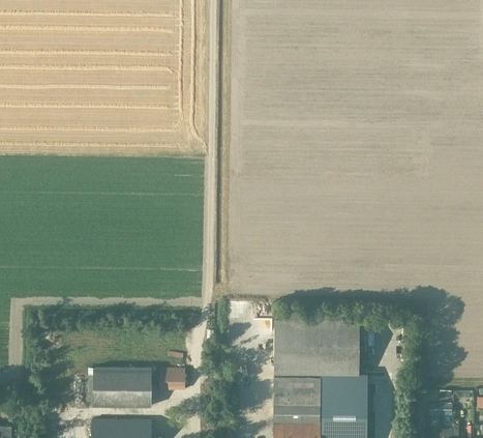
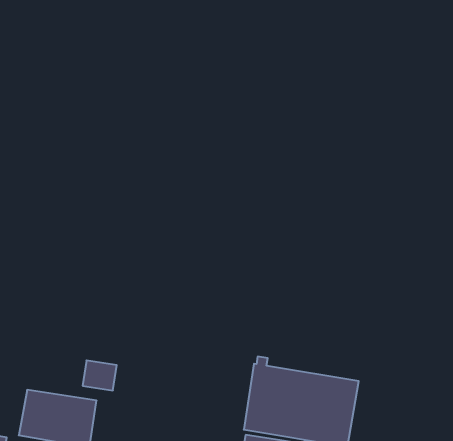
building: [159,369,184,389] -> [83,360,117,390]

